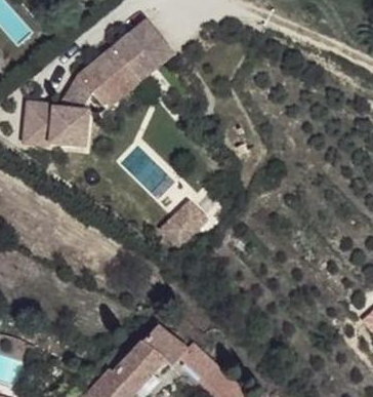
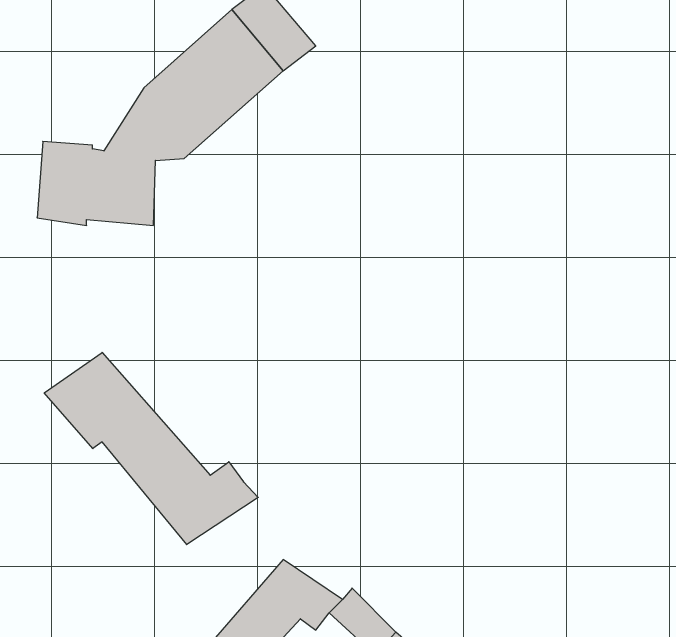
building: [163,198,209,244] -> none
building: none -> [44,352,258,545]

